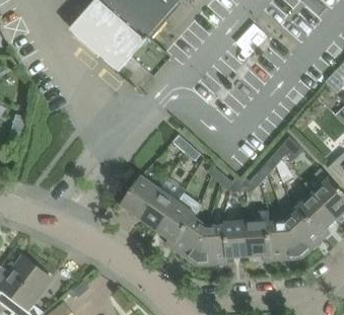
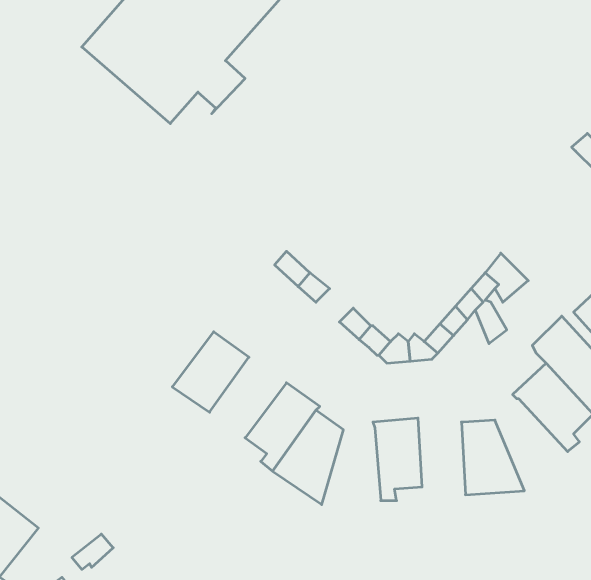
building: [139,188,179,230] -> none
building: [247,210,271,260] -> none
building: [286,210,324,257] -> none
building: [197,225,227,264] -> none

